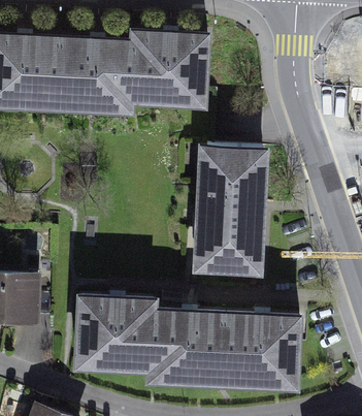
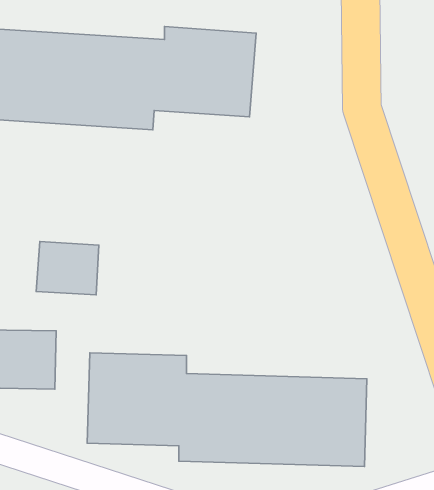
building: [195,146,267,273] -> none
building: none -> [36,242,99,295]

